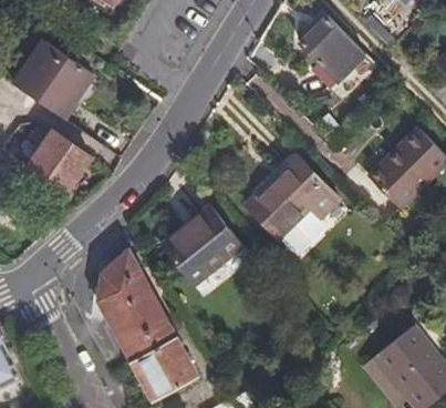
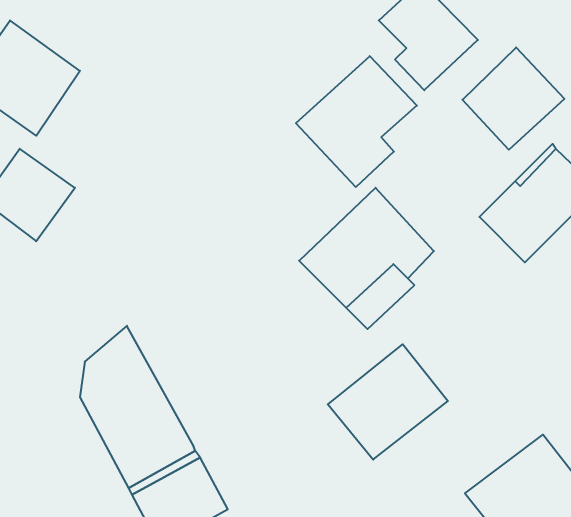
building: none -> [462,47,564,150]
building: none -> [296,56,417,187]
building: [160,203,242,282] -> [328,344,448,460]

